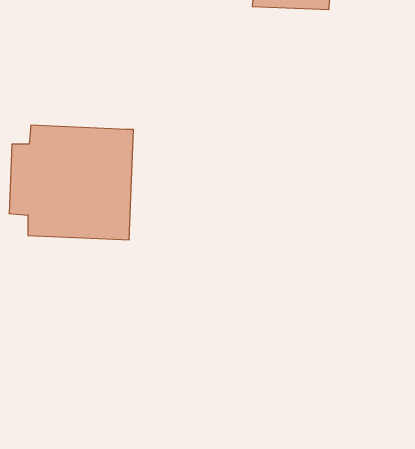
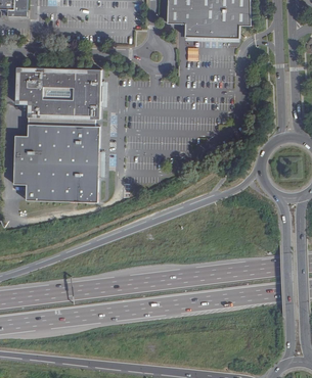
building: none -> [15,66,101,124]

